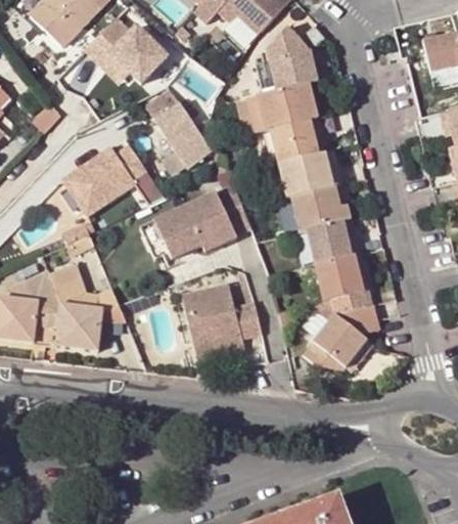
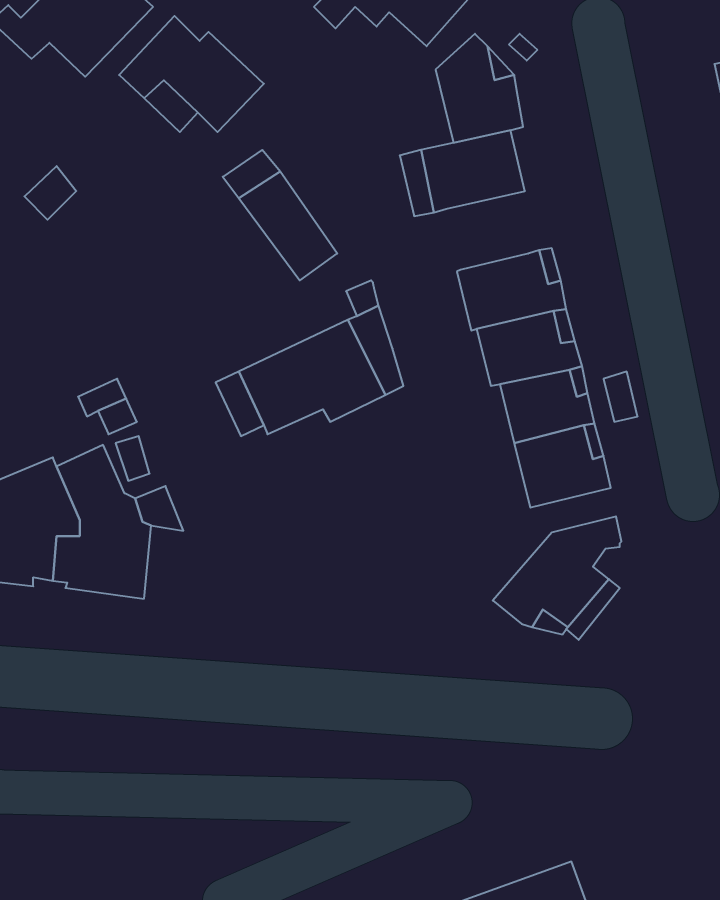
building: [273,116,322,161] -> none
building: [59,145,145,213] -> none
building: [179,282,261,360] -> none

